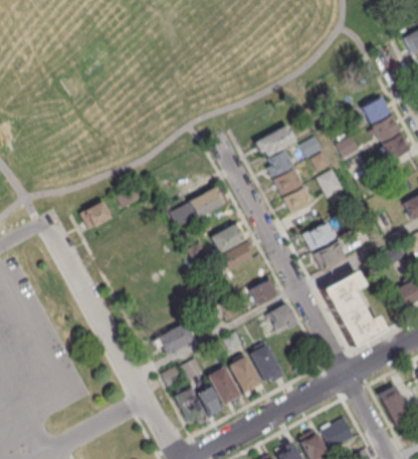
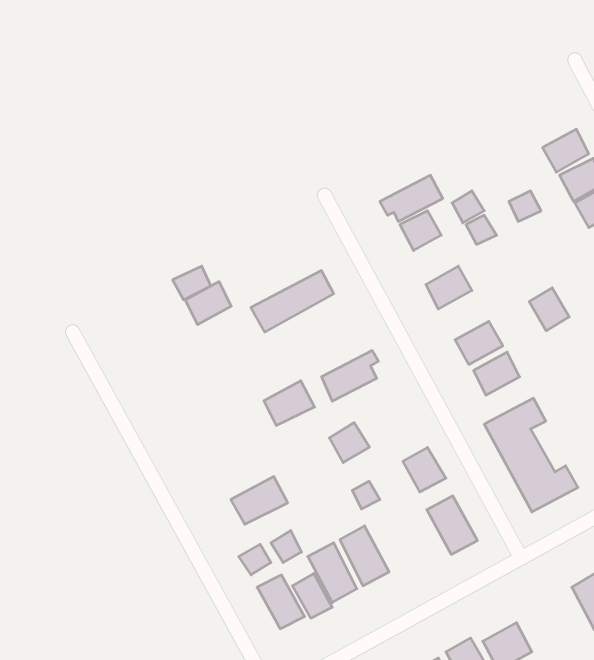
building: [274,167,304,195] -> none
building: [318,169,344,197] -> [529,288,569,331]
building: [80,201,111,229] -> [185,282,231,325]
building: [212,223,245,252] -> [264,381,315,425]
building: [250,278,276,304] -> [329,423,369,463]
building: [248,342,281,381] -> [427,496,477,554]

